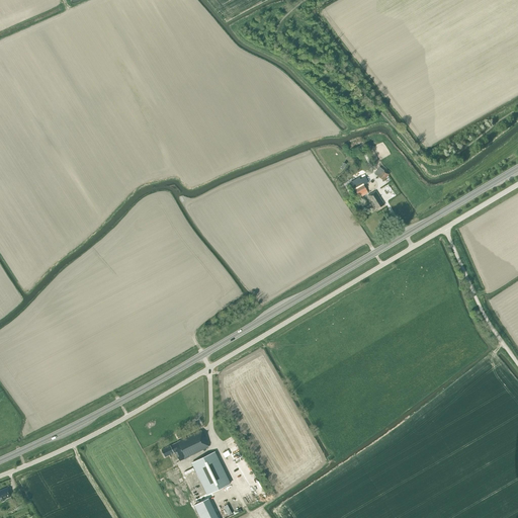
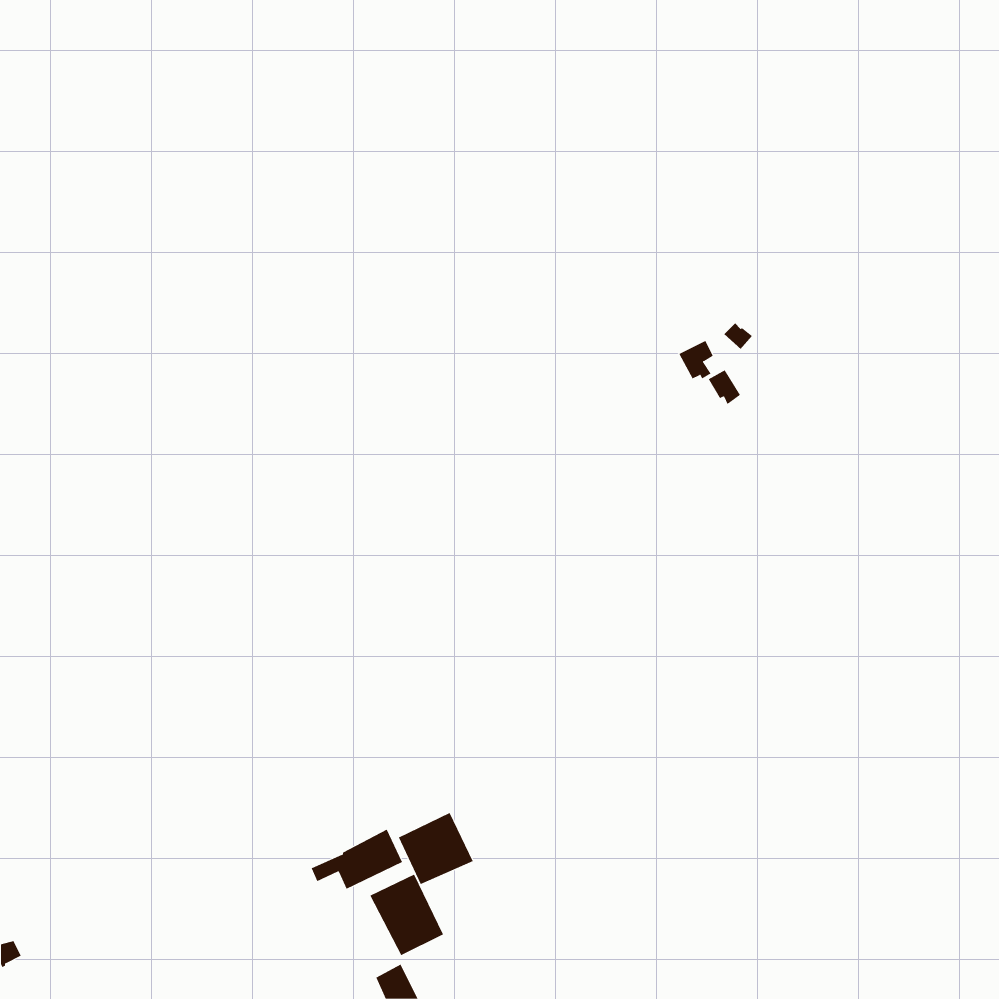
building: none -> [398,812,474,885]

